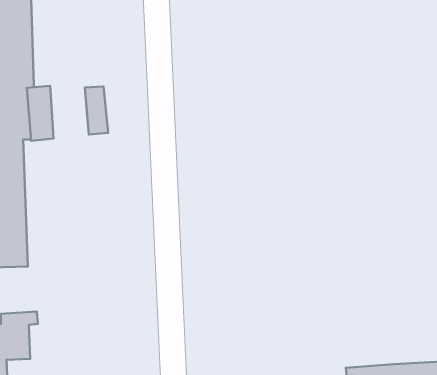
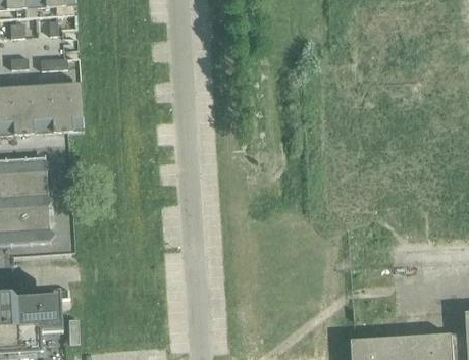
building: [85,86,108,134] -> none

